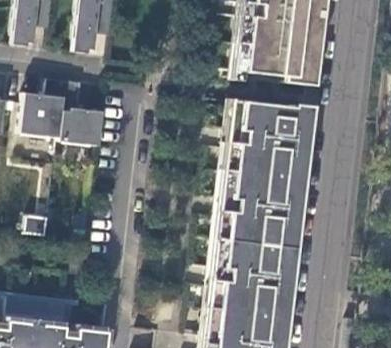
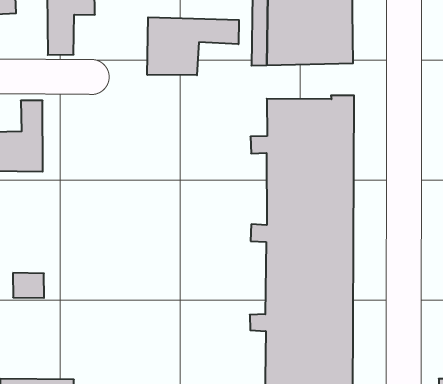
building: none -> [147,17,239,75]
building: [61,83,104,146] -> none

